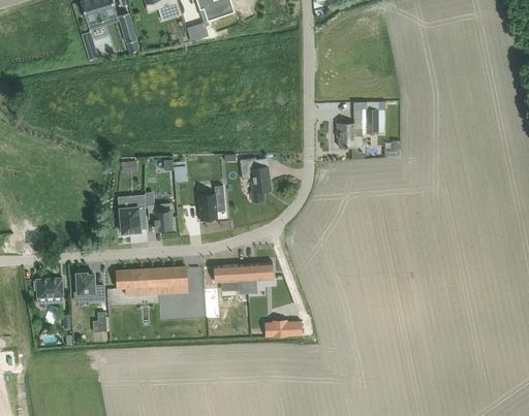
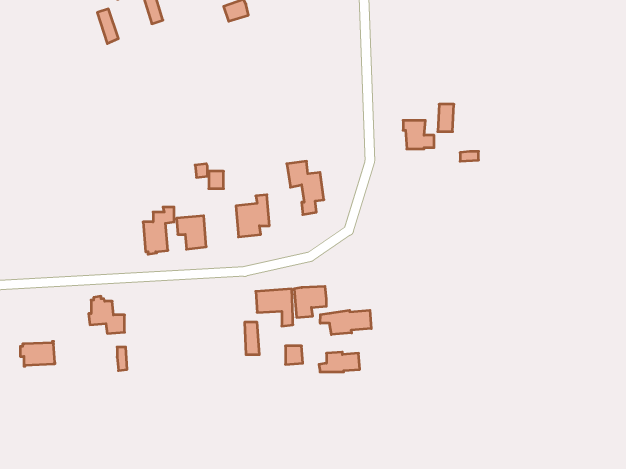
building: [117,267,187,294] -> none
building: [34,278,63,298] -> [20,341,55,366]
building: none -> [320,310,371,335]

